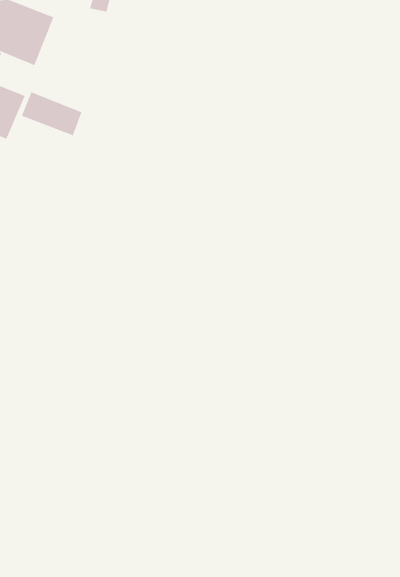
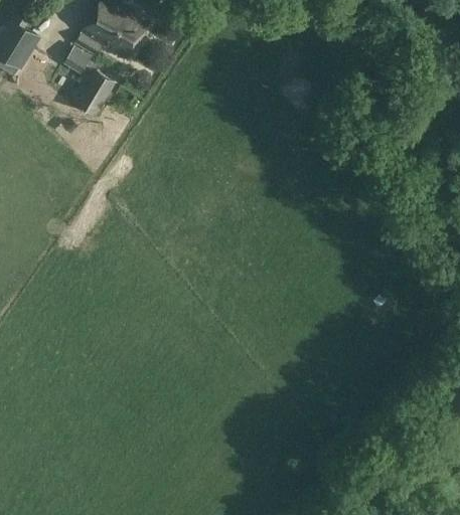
building: [21,91,82,136] -> none

